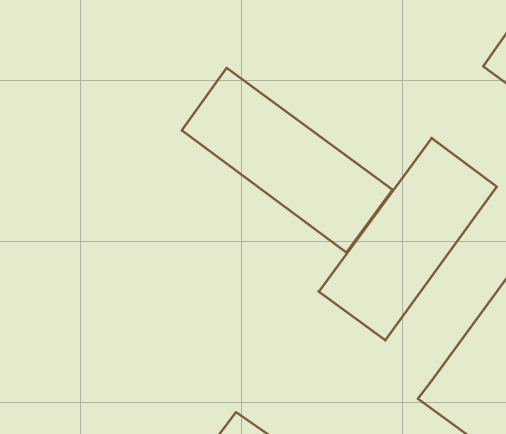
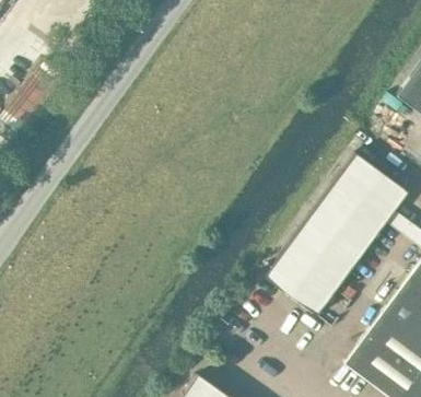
building: [182,68,392,252] -> none

